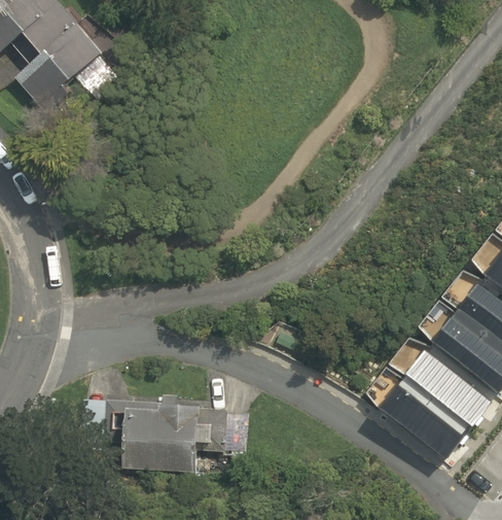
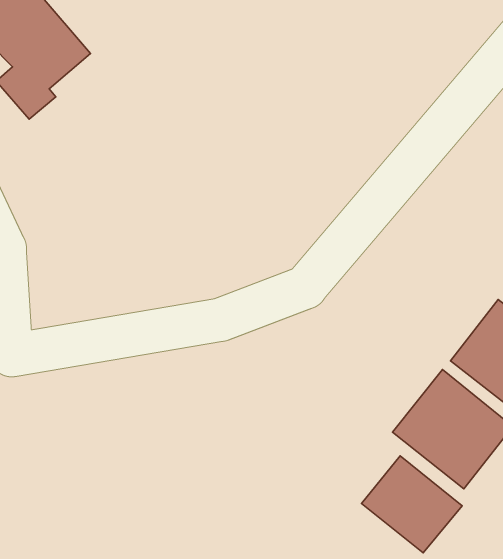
building: [121,398,247,470] -> none
building: none -> [362,456,462,553]

